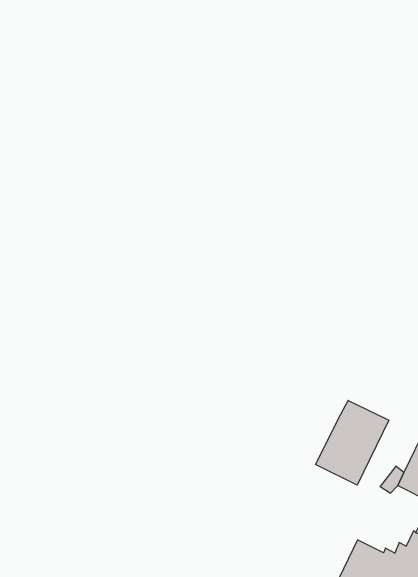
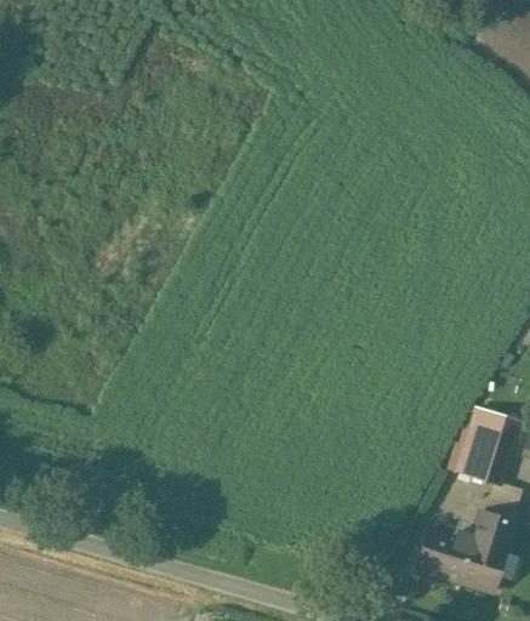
building: [316,400,389,485] -> none

